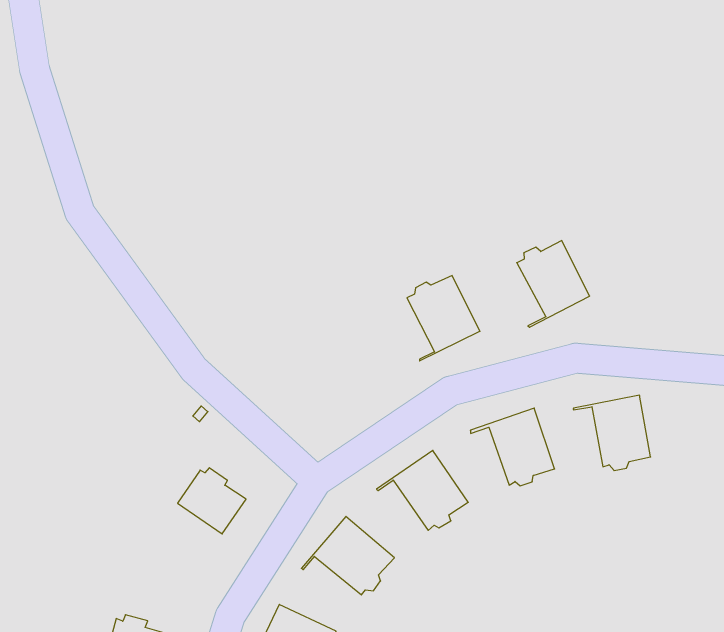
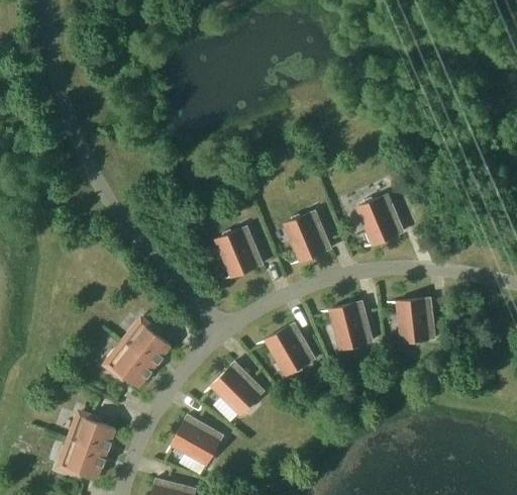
building: none -> [217,226,263,281]
building: none -> [109,344,153,388]

